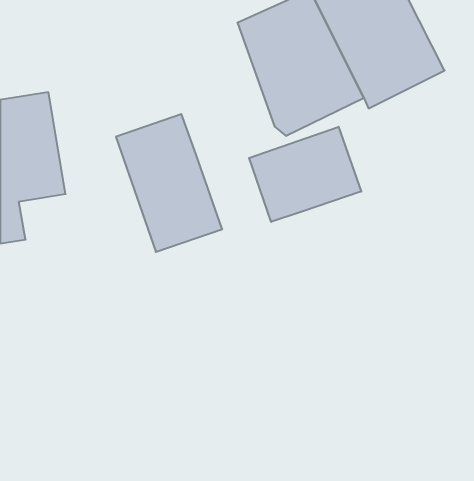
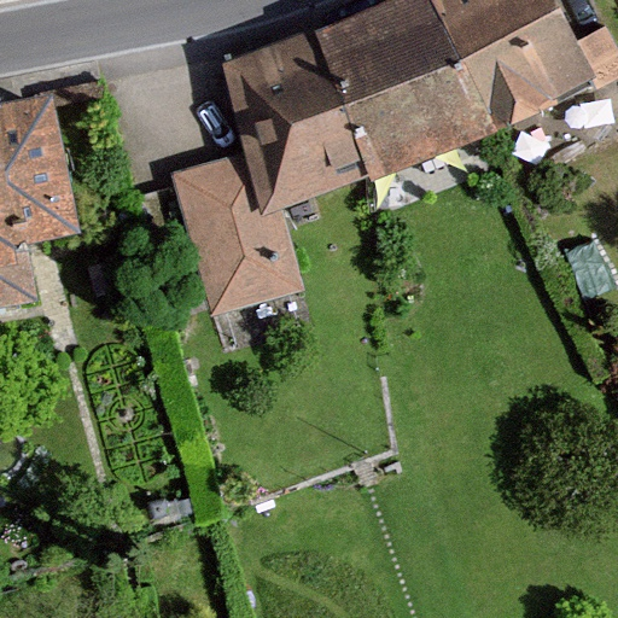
building: none -> [215,29,363,196]
building: [249,127,361,222] -> none

